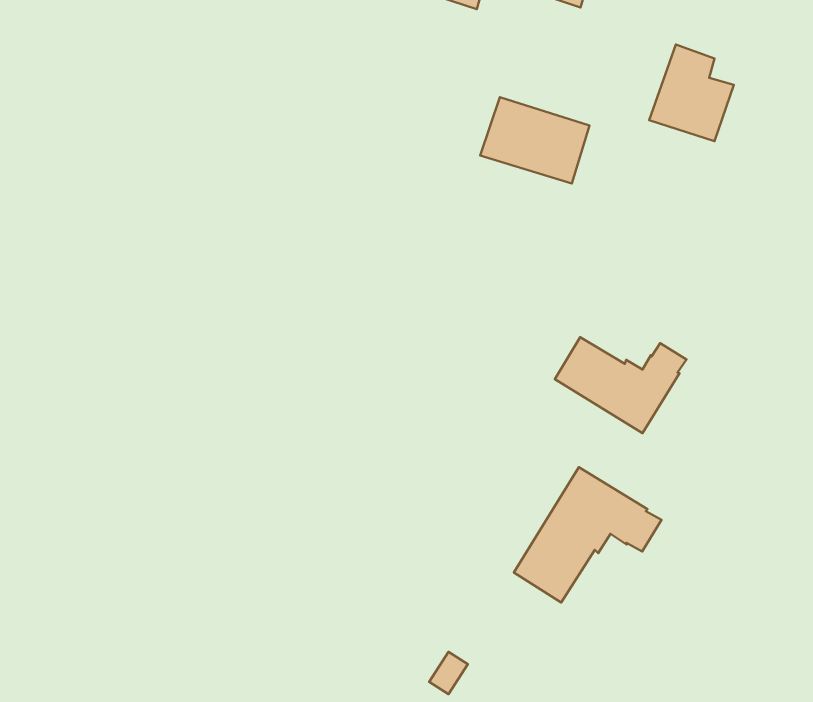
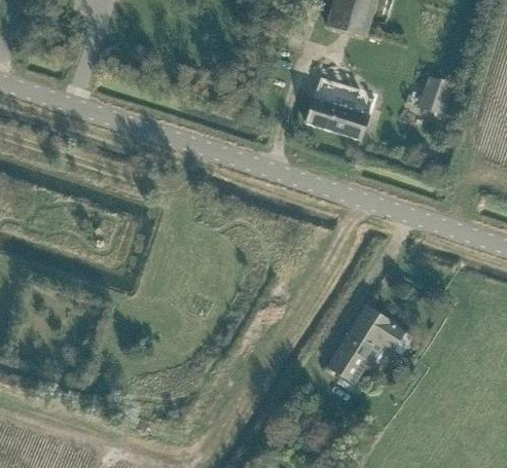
building: [555,337,686,433] -> none

